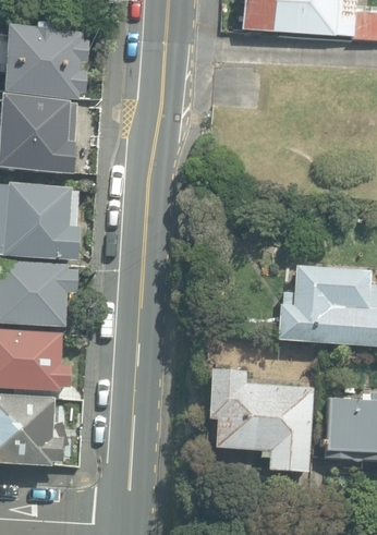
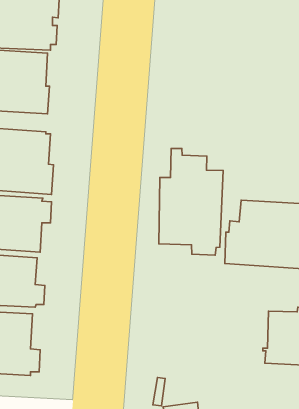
building: none -> [159,148,223,255]
building: [207,367,311,467] -> none

